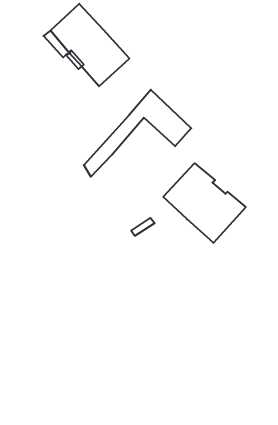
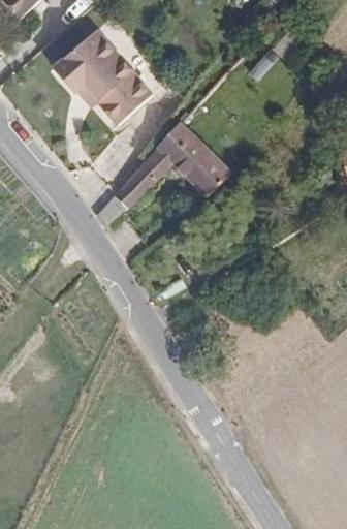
building: [163,163,246,243] -> none

